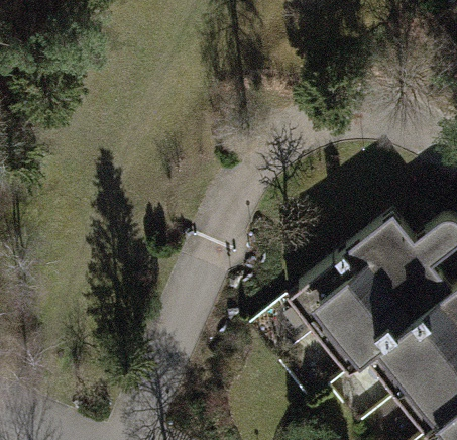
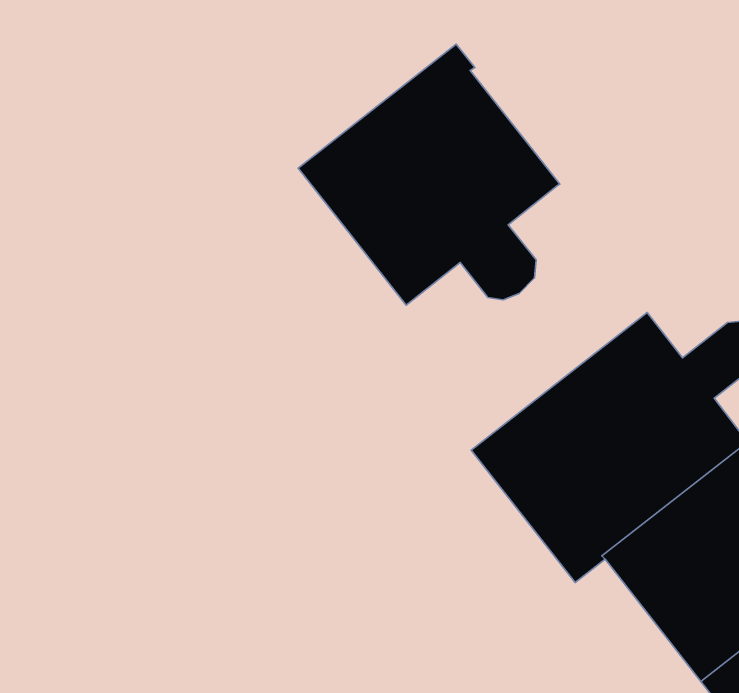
building: none -> [298,44,560,305]

